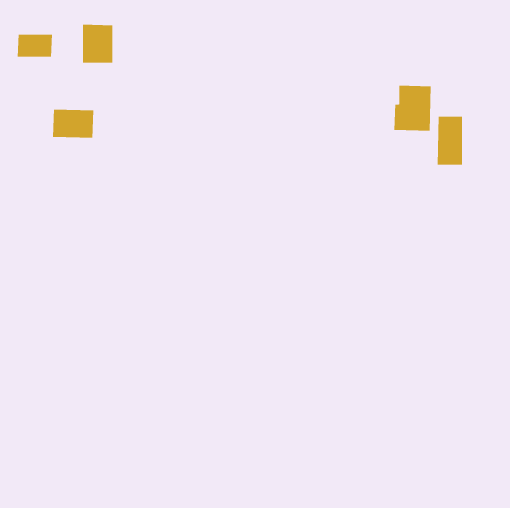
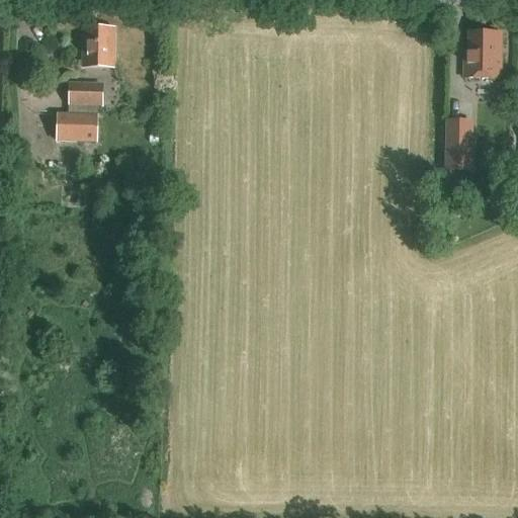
building: [17,34,53,57] -> [67,81,103,104]
building: [393,85,431,131] -> [465,29,504,76]

